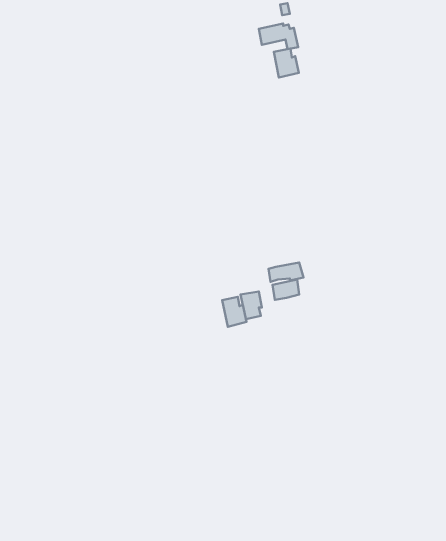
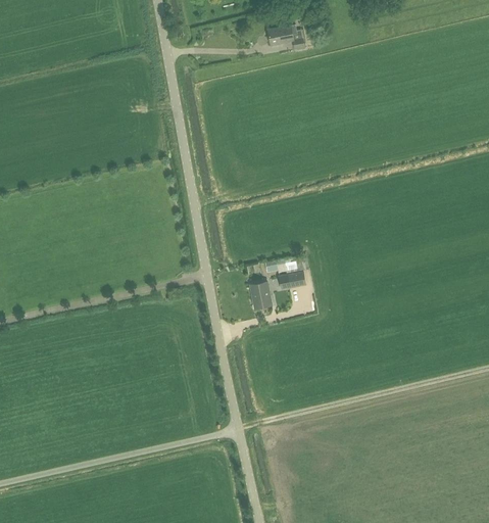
building: [274,49,299,77] -> none
building: [222,297,247,327] -> none

